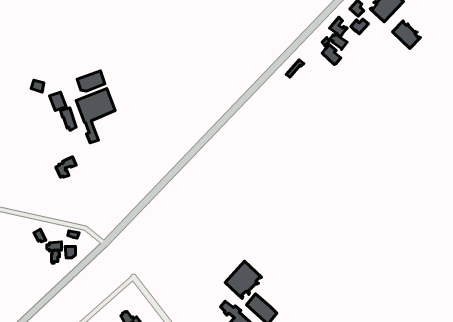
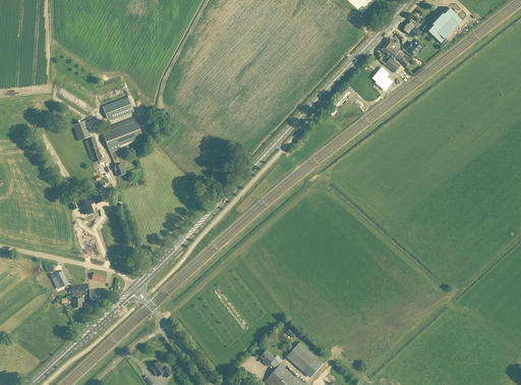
building: [392,21,421,49] -> none
building: [225,261,262,298] -> none

